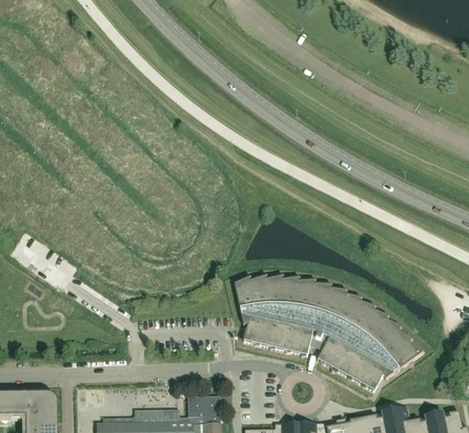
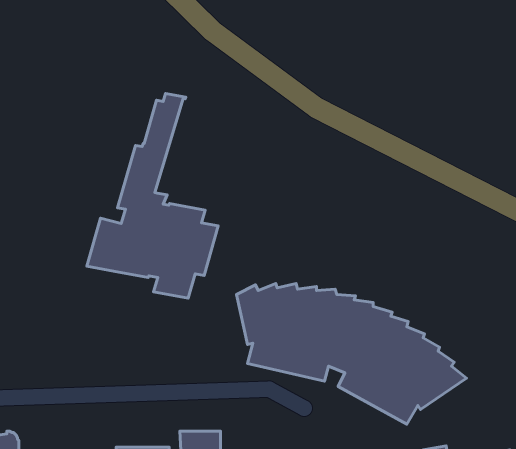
building: none -> [87,94,218,298]

